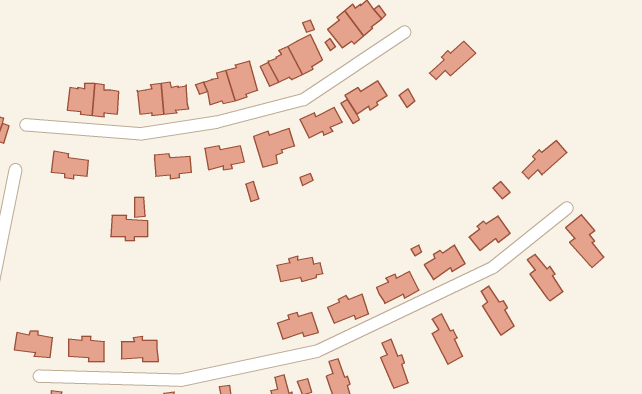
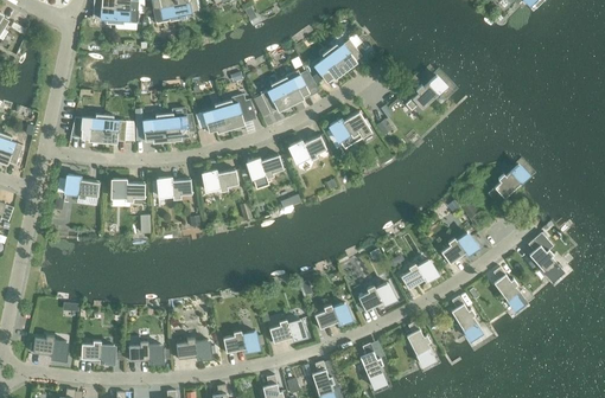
building: [111,215,148,241] -> [112,179,145,201]
building: [277,256,323,281] -> [222,329,263,352]
building: none -> [176,338,210,359]

